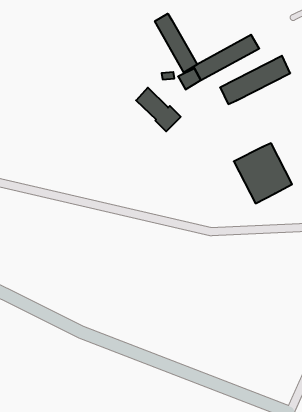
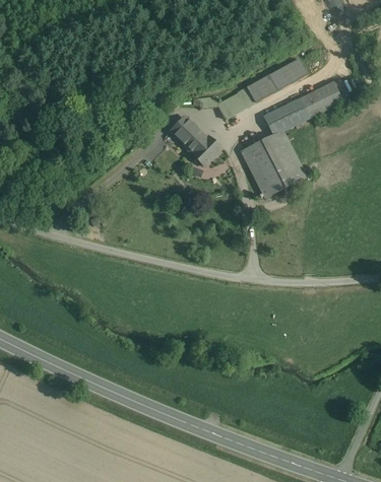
building: [155,14,197,72] -> none
building: [234,143,292,203] -> [241,131,306,198]

